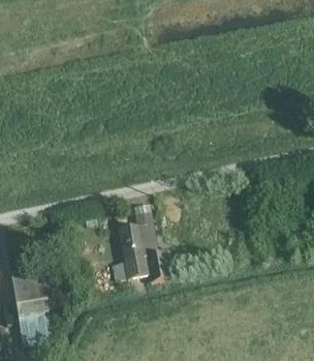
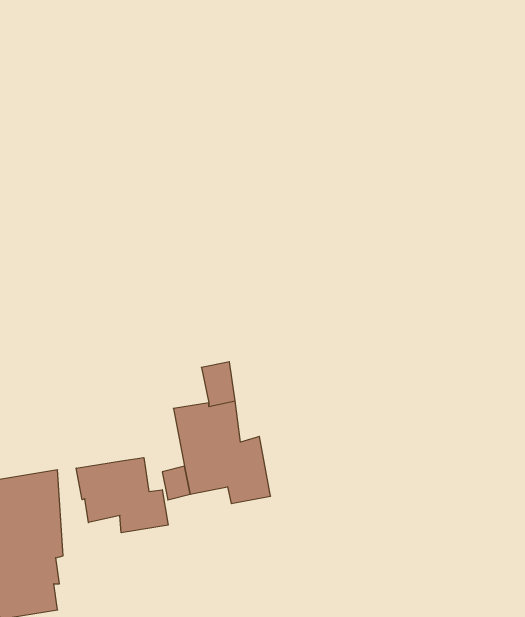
building: none -> [76,458,168,533]

